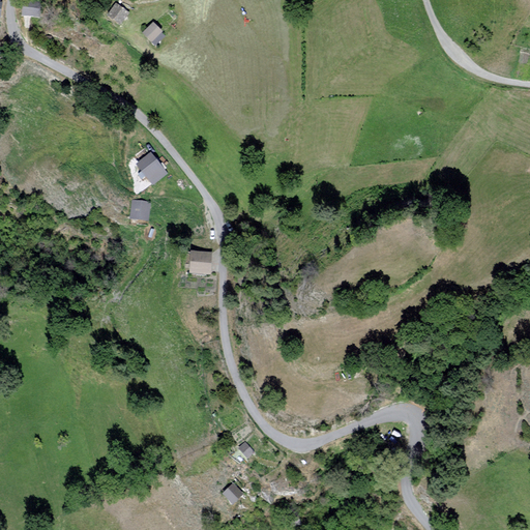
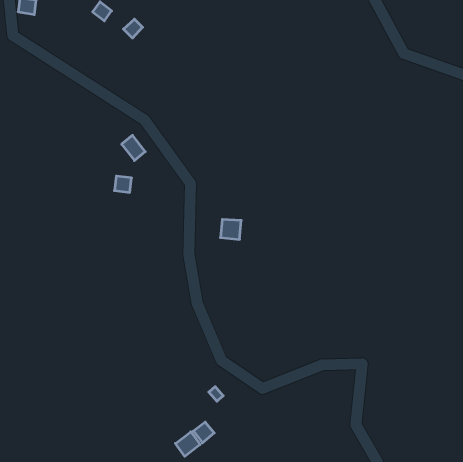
building: [189,252,213,274] -> [220,219,241,239]
building: none -> [175,432,200,456]

